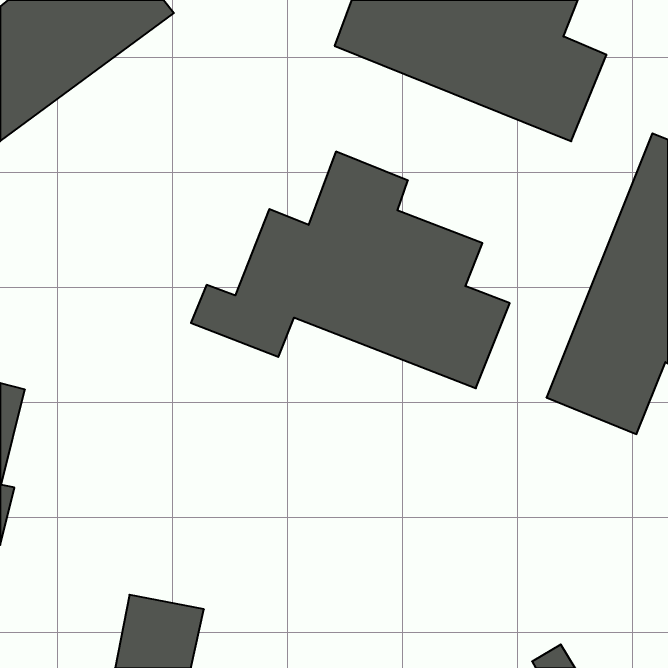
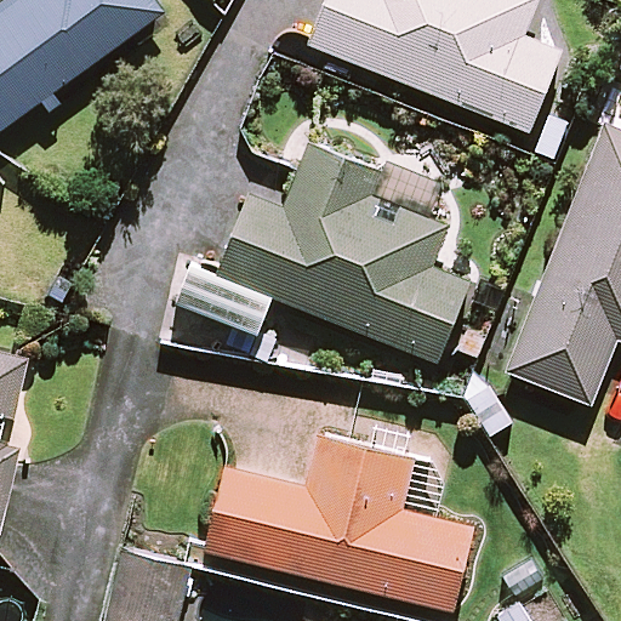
building: none -> [207,433,471,608]

